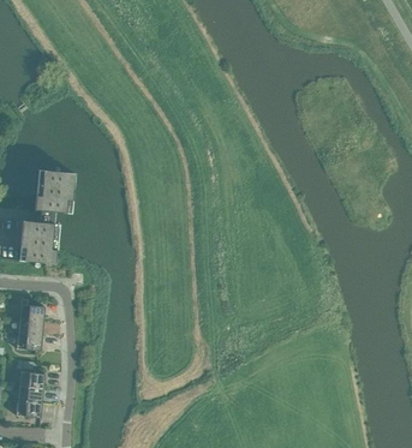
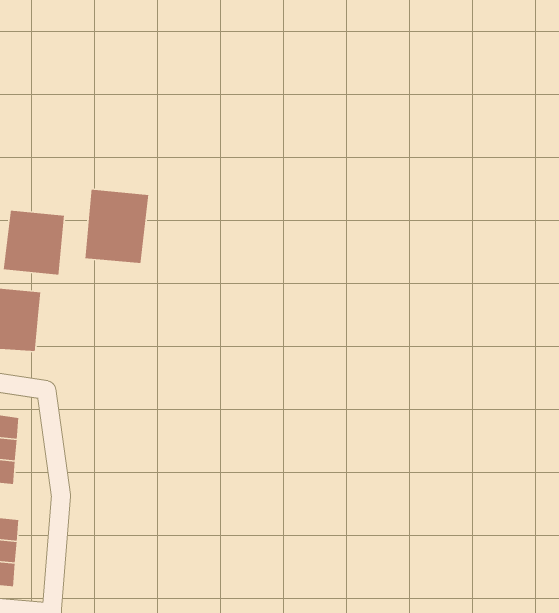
building: none -> [85,189,149,264]

